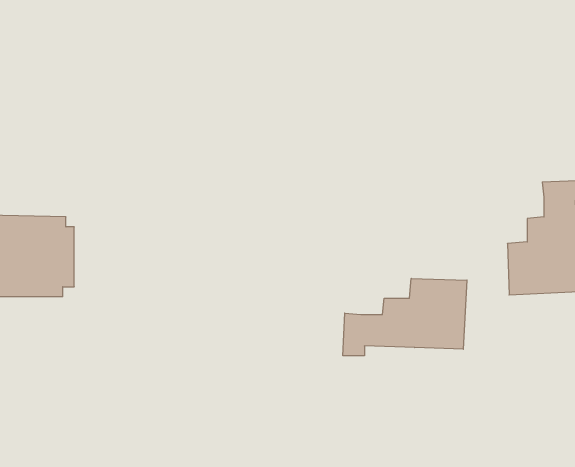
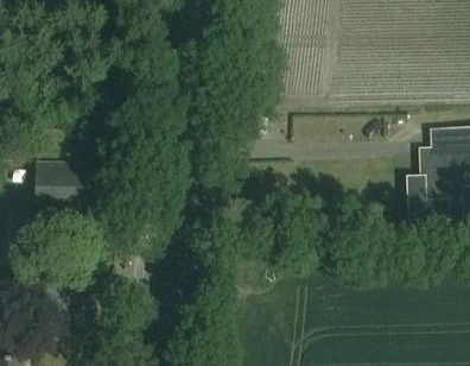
building: [343,278,467,356] -> none

